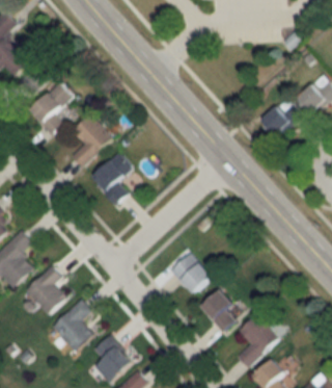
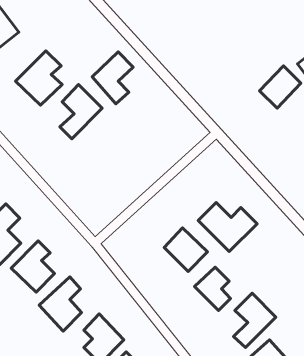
building: [92,153,132,203] -> [92,52,133,104]
building: none -> [198,202,257,252]

